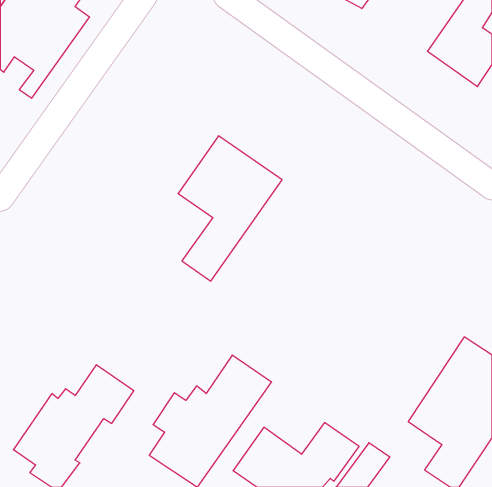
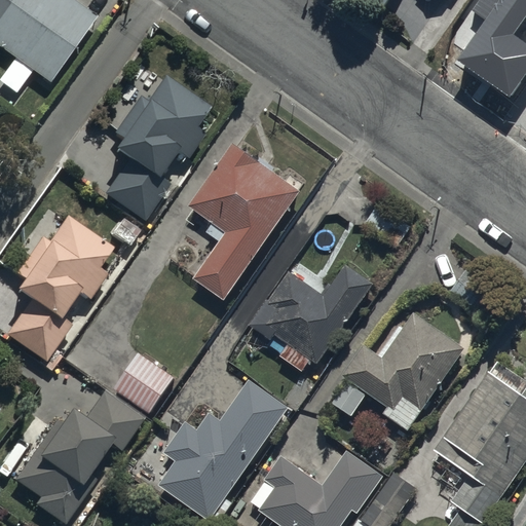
building: none -> [102,75,211,223]
building: none -> [4,216,111,364]
building: none -> [249,261,377,372]
building: none -> [342,312,466,430]
building: none -> [115,352,174,412]

